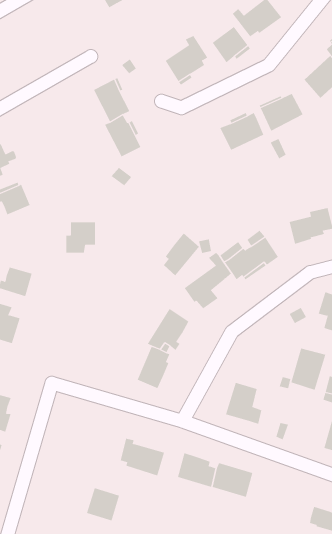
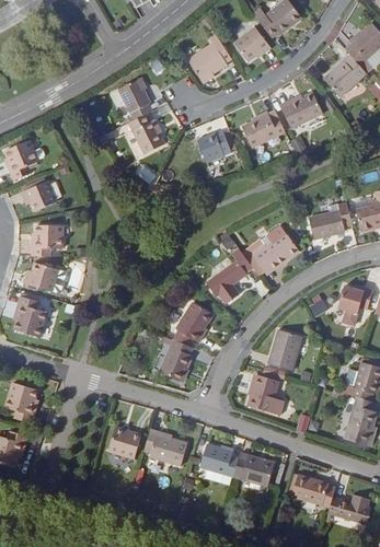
building: none -> [197,130,231,162]
building: [66,222,96,253] -> [31,224,60,255]
building: [163,232,200,276] -> none
building: [290,348,326,390] -> [267,329,302,371]
building: none -> [291,474,336,507]
building: [86,488,120,521] -> [108,426,141,458]

